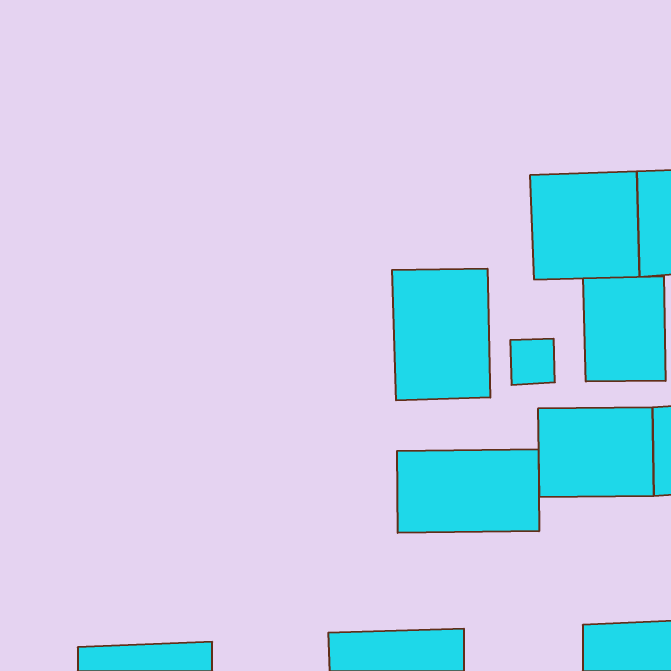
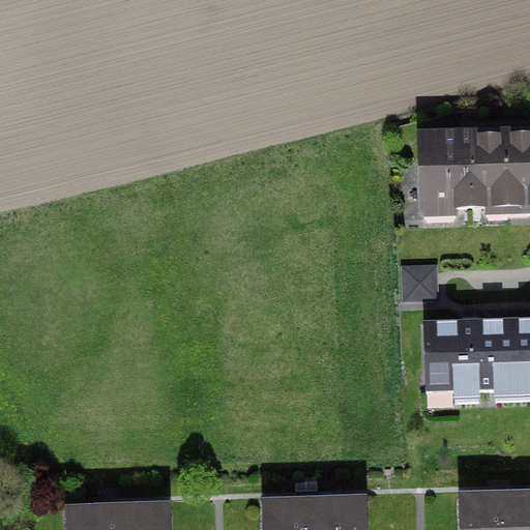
building: [392,269,490,400] -> none
building: [583,276,666,382] -> none
building: [397,449,539,533] -> none

